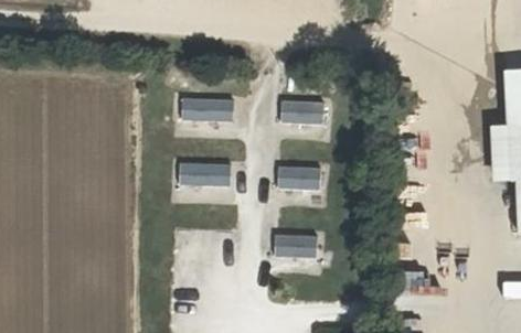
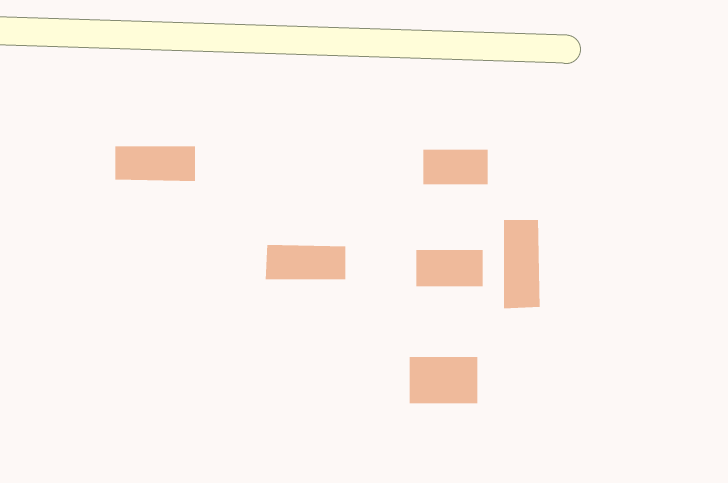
building: [179,98,232,121] -> [115,146,196,182]
building: none -> [503,219,540,309]

